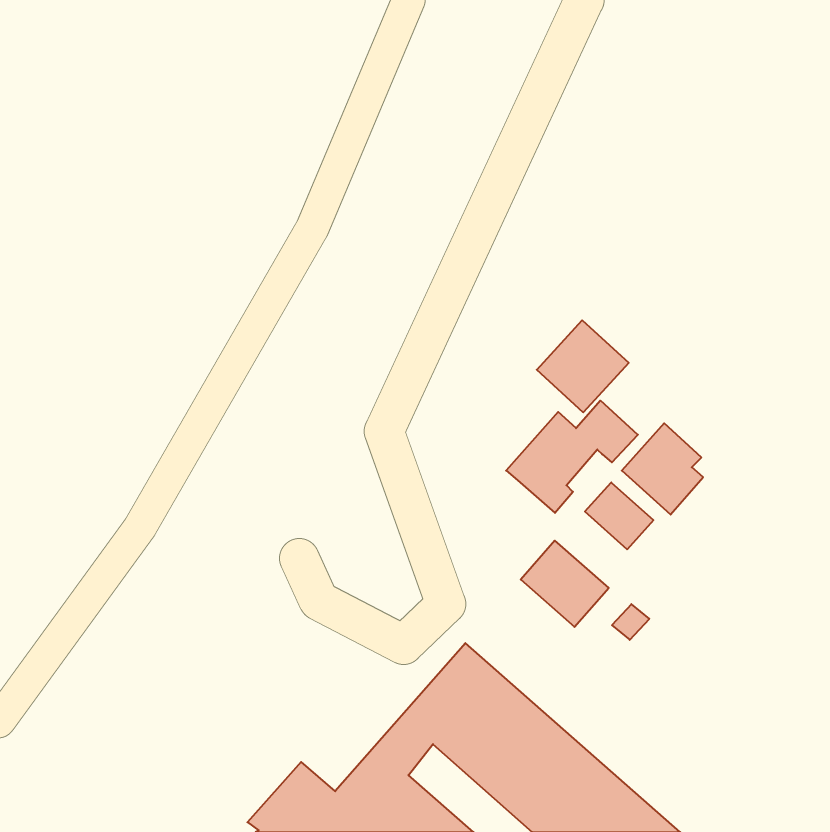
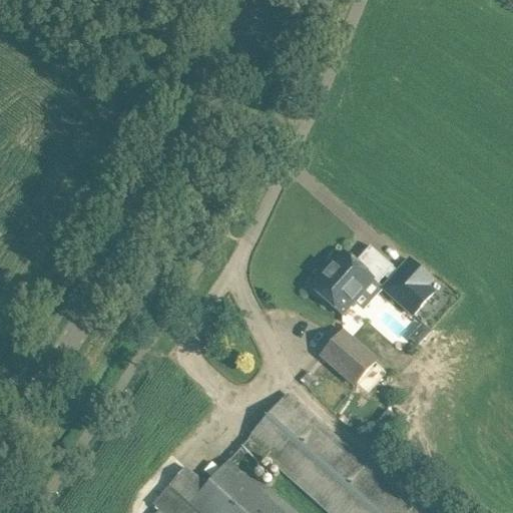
building: [537,320,629,412] -> none
building: [585,482,653,549] -> none

